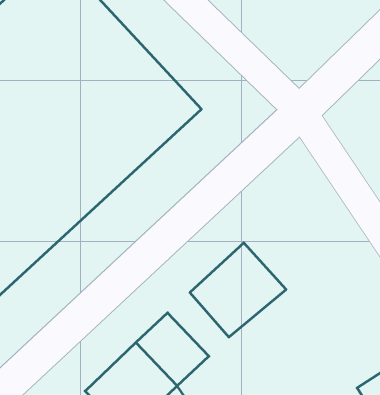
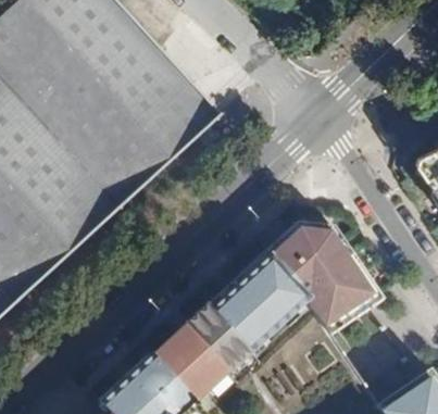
building: none -> [261,222,380,333]
building: none -> [183,303,246,368]

